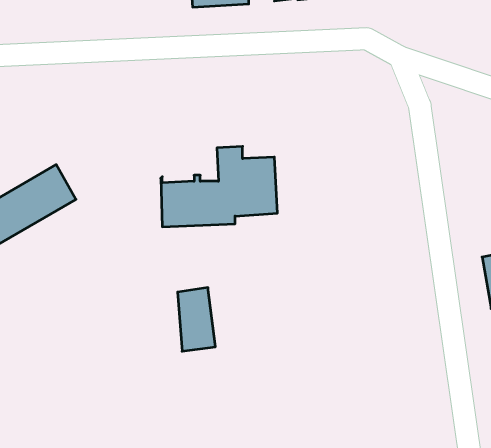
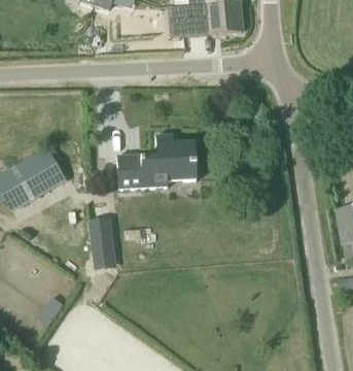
building: [178,288,215,351] -> [91,217,116,261]

